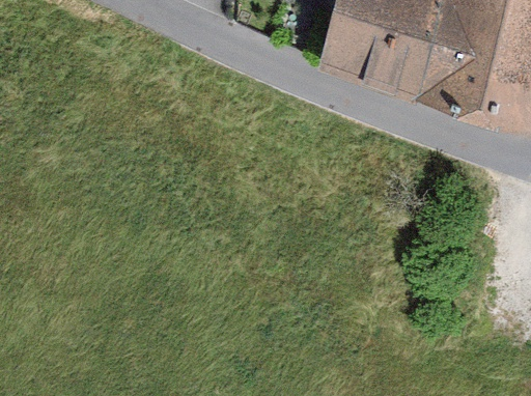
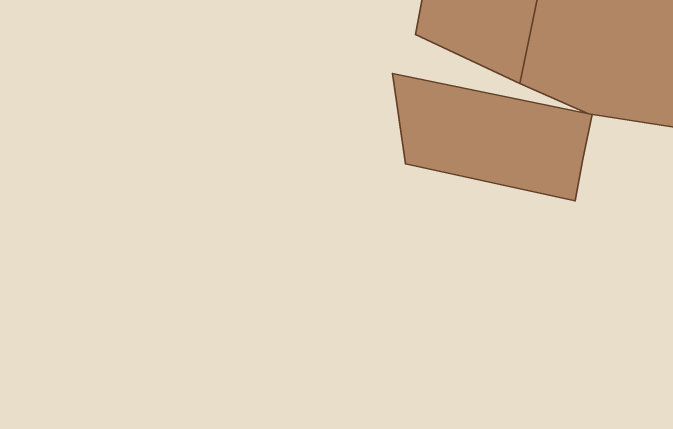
building: none -> [393,73,592,201]

